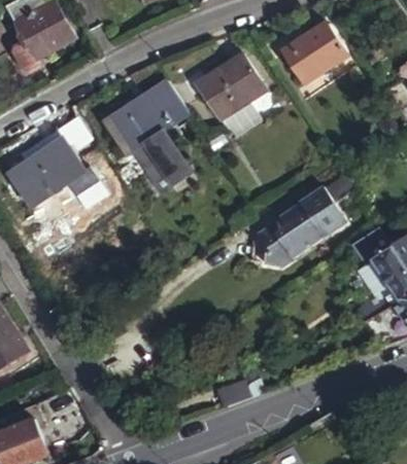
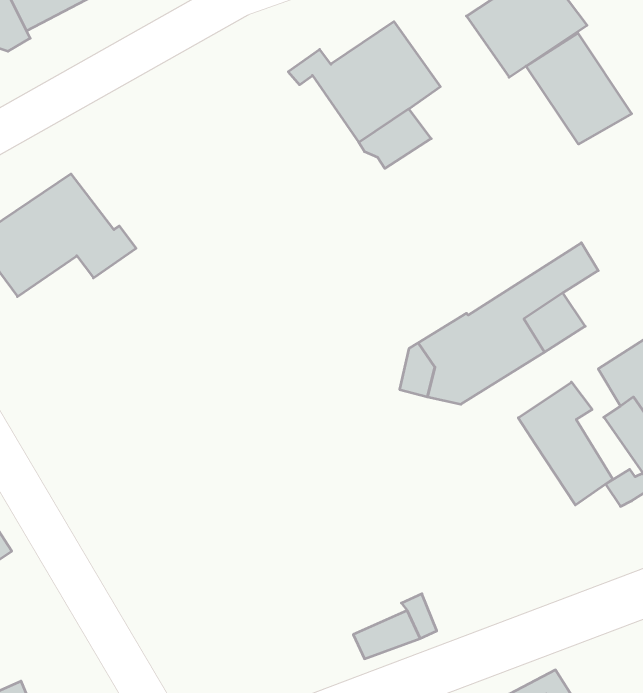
building: none -> [526,33,632,144]
building: [111,62,199,194] -> none
building: none -> [518,382,613,505]

